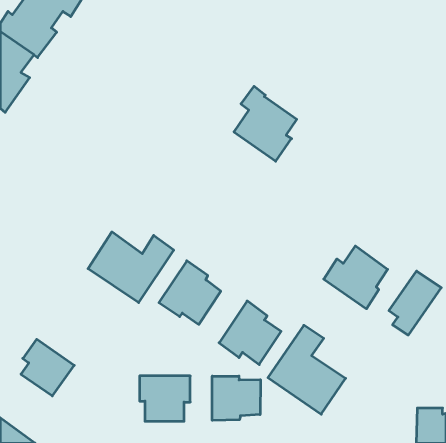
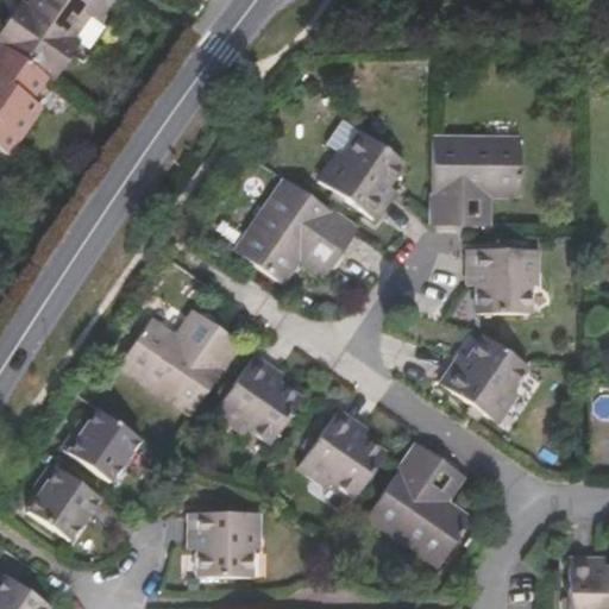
building: none -> [432,134,520,225]
building: none -> [234,177,356,282]
building: none -> [469,249,539,312]
building: [389,271,441,335] -> none
building: none -> [62,409,142,482]
building: [212,376,260,420] -> none

